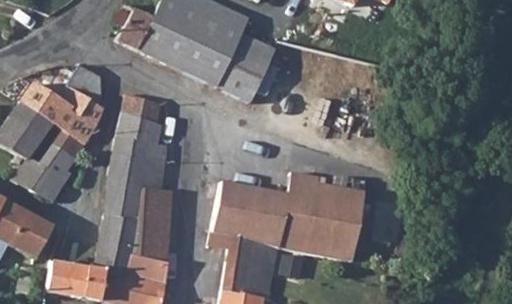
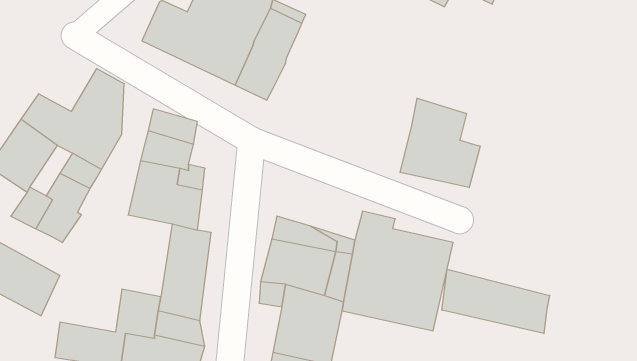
building: [217,32,276,102] -> none
building: none -> [400,98,480,188]
building: [102,177,142,242] -> none
building: none -> [442,269,550,334]

